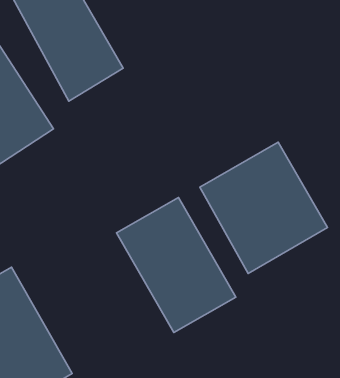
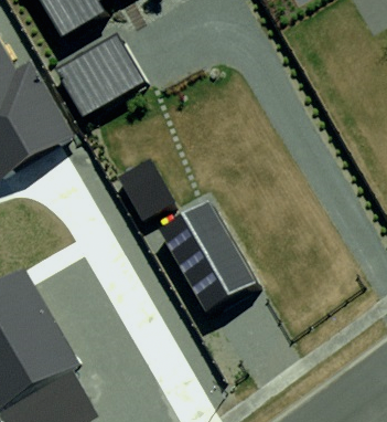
building: [200,142,328,273] -> none

